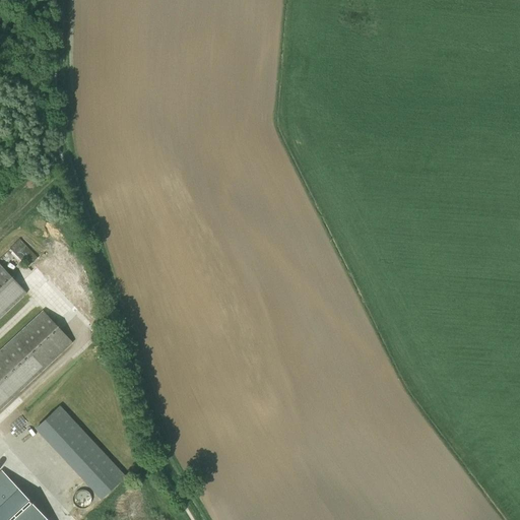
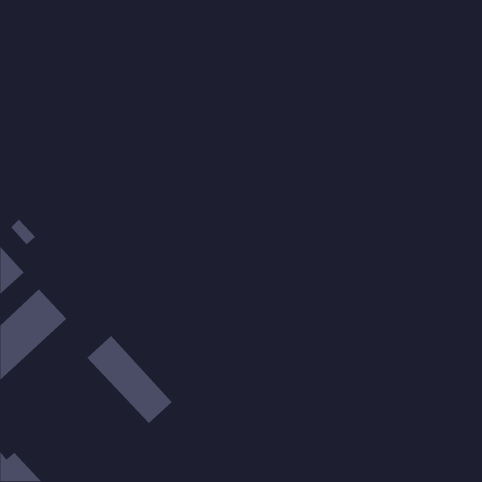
building: [31,402,124,498] -> [87,335,173,424]

